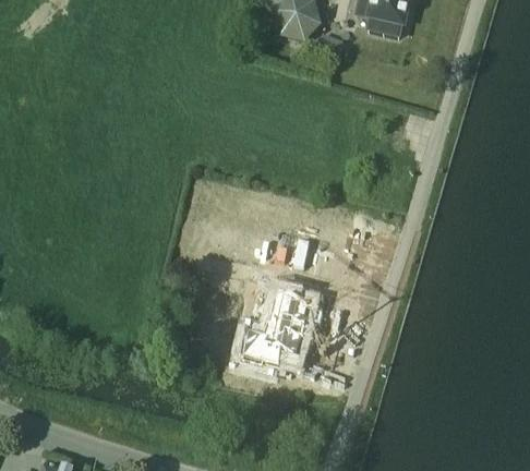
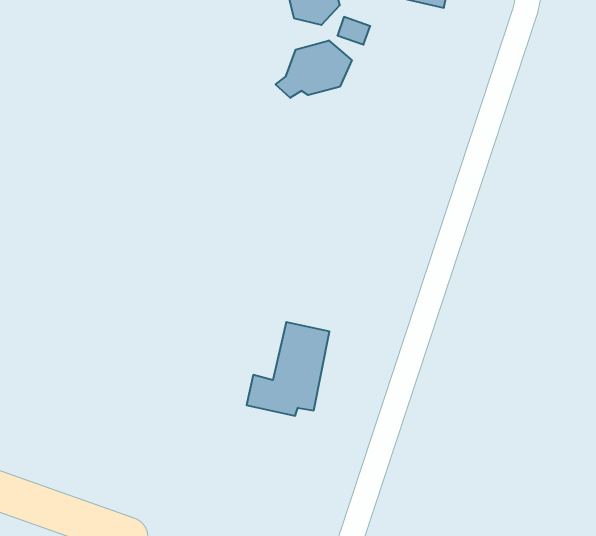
building: none -> [276,40,352,98]

